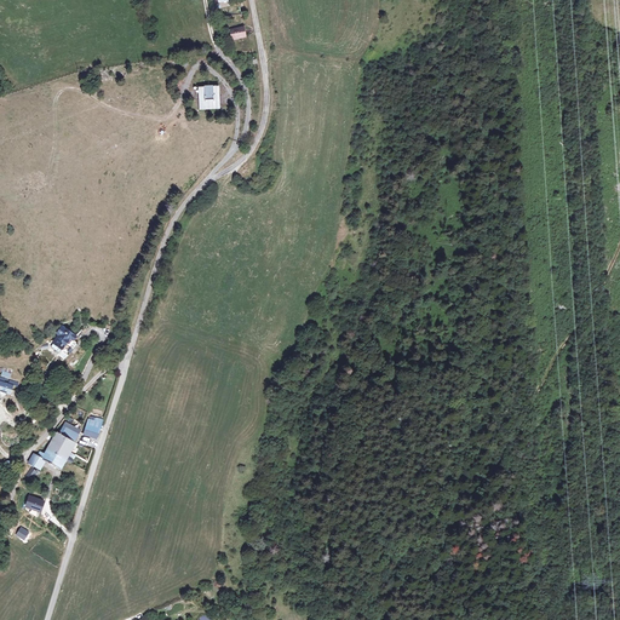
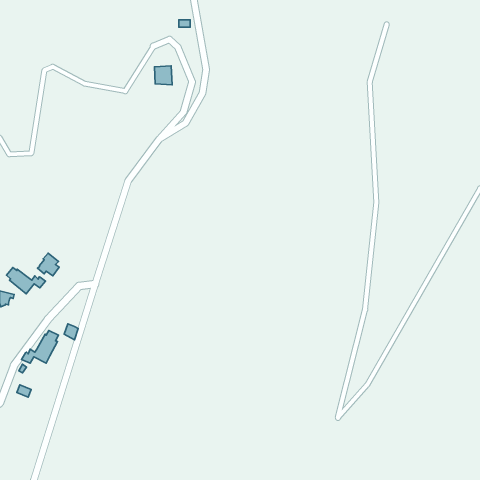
building: none -> [6,268,46,294]

